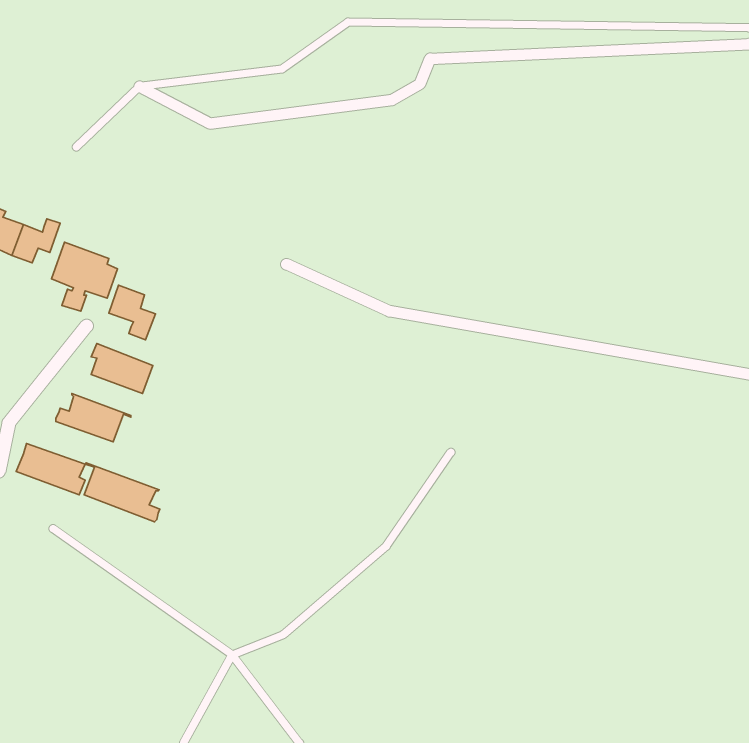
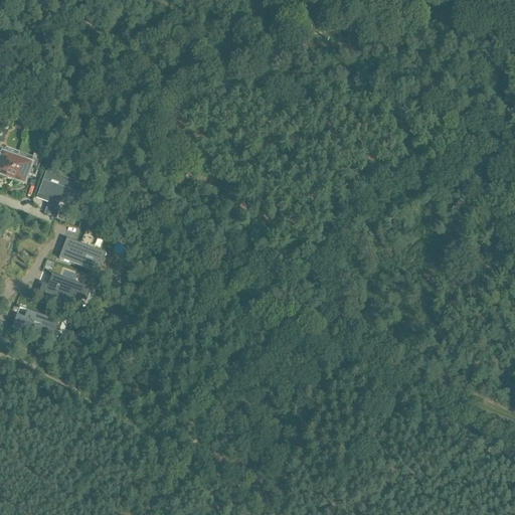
building: [109,285,155,340] -> none
building: [84,463,160,522] -> none

